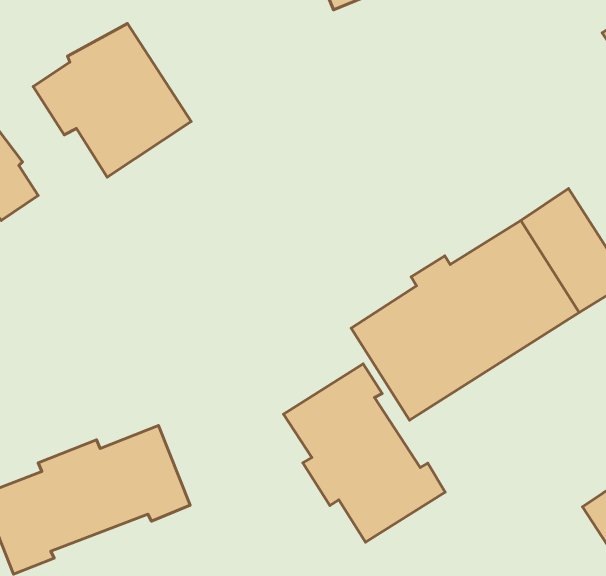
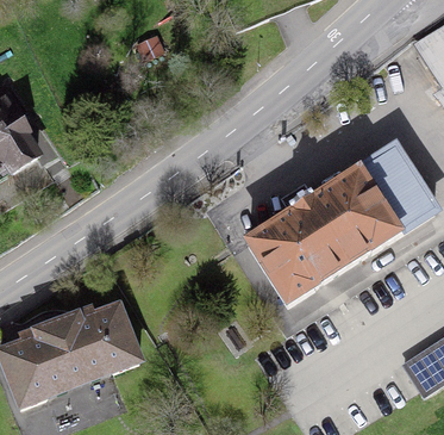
building: [33,24,191,177] -> none
building: [284,364,445,542] -> none

